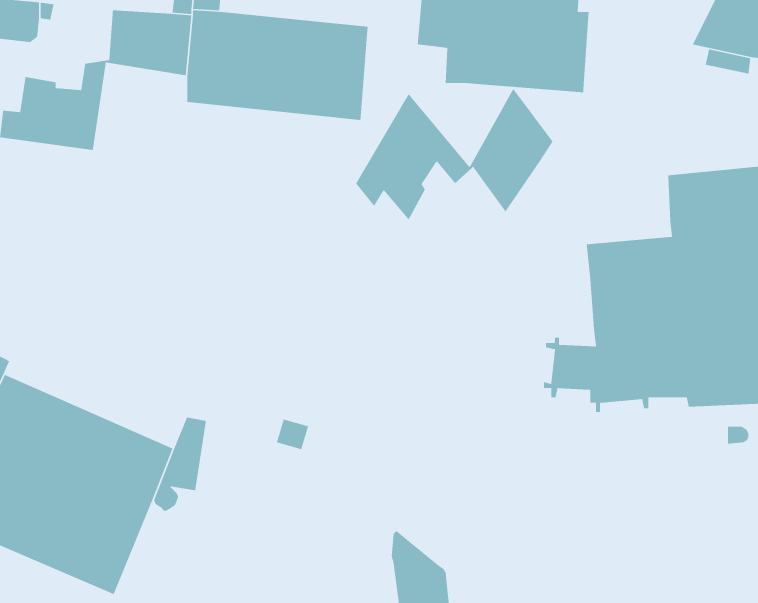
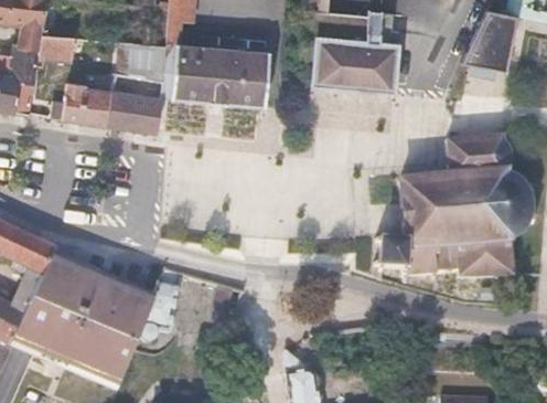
building: none -> [106,74,161,132]
building: [355,87,554,221] -> none

